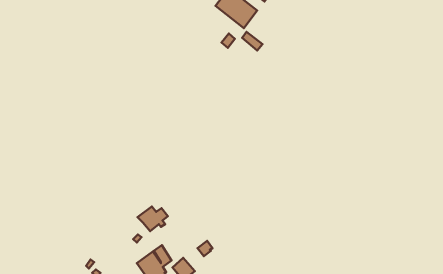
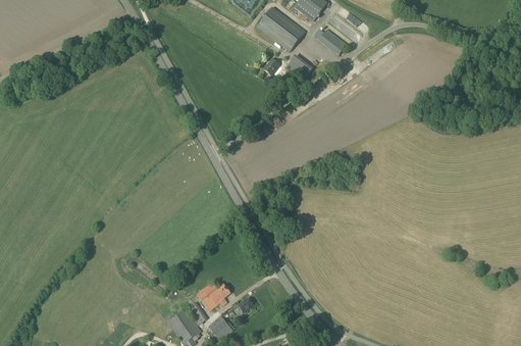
building: none -> [312,29,347,55]
building: [138,206,168,231] -> [195,282,229,310]

